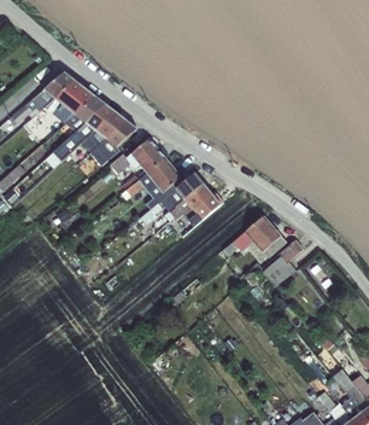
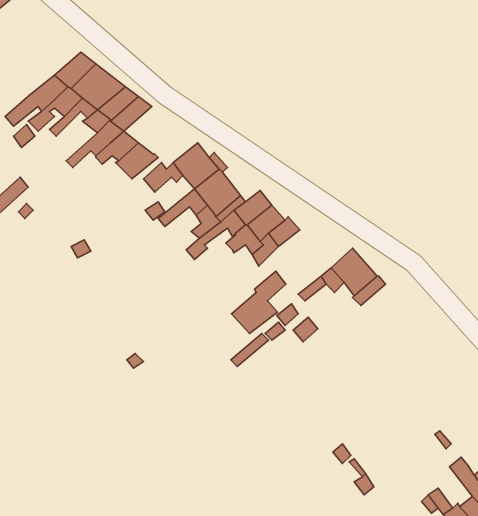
building: [96,111,139,146] -> none
building: [264,239,304,285] -> [231,271,286,334]

